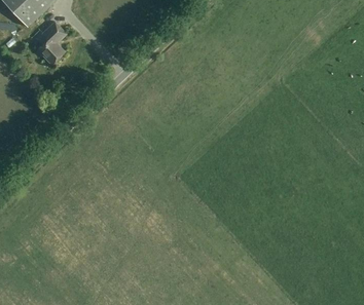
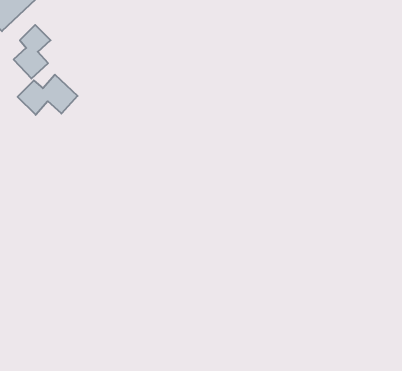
building: none -> [18,75,78,115]

